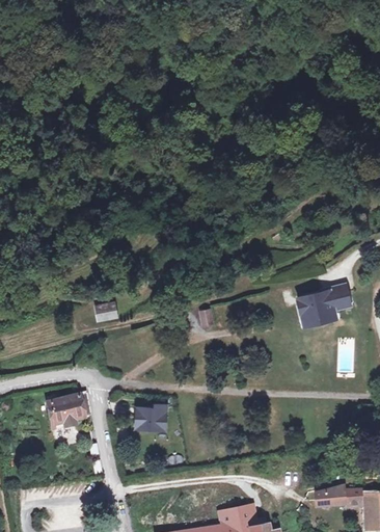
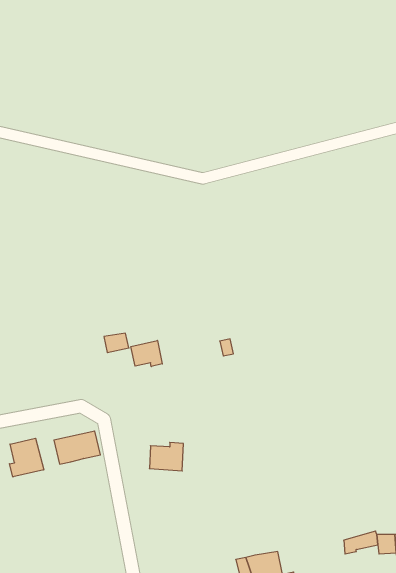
building: [298,286,350,320] -> none
building: none -> [131,340,162,367]
building: none -> [9,438,44,477]

